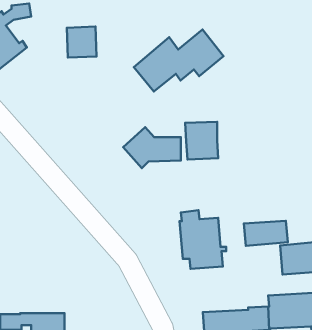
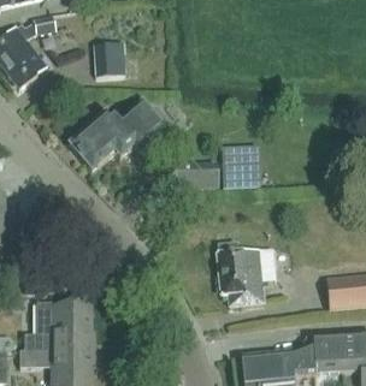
building: [134,30,224,92] -> [71,103,169,171]
building: [244,221,288,246] -> none
building: none -> [26,307,92,354]

